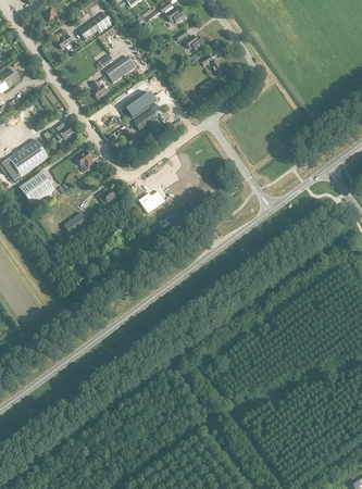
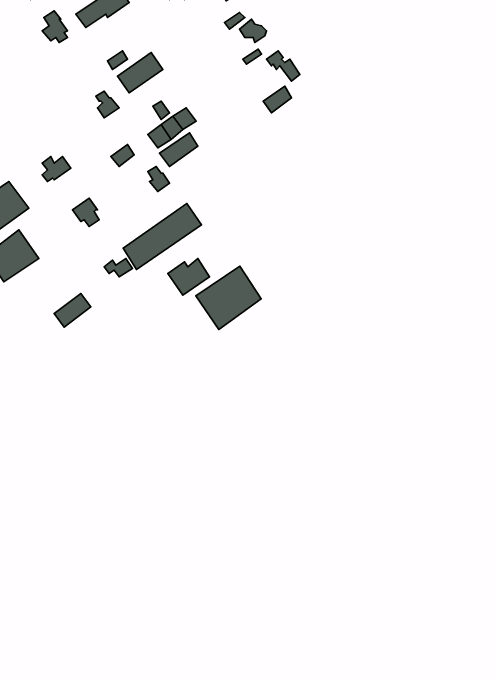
building: none -> [123,203,202,270]
building: none -> [196,266,261,329]

